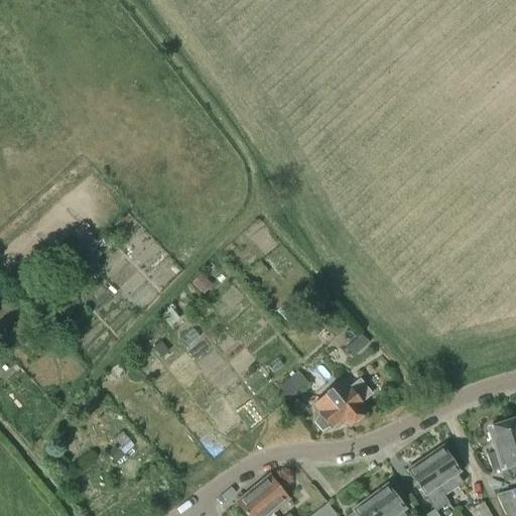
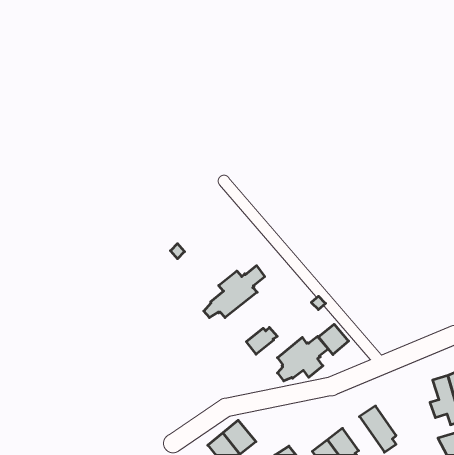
building: none -> [204,266,265,318]
building: none -> [319,324,349,355]
building: [426,445,464,492] -> none

